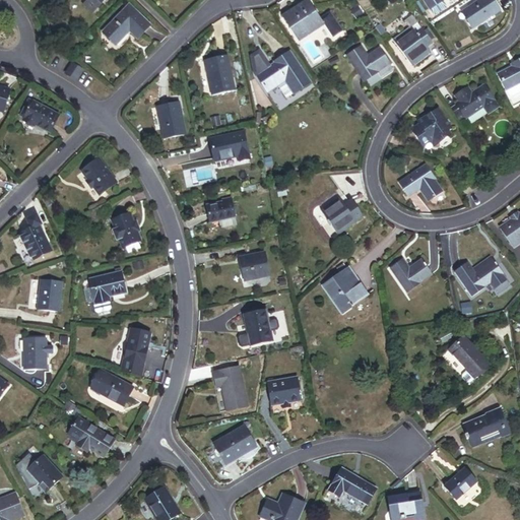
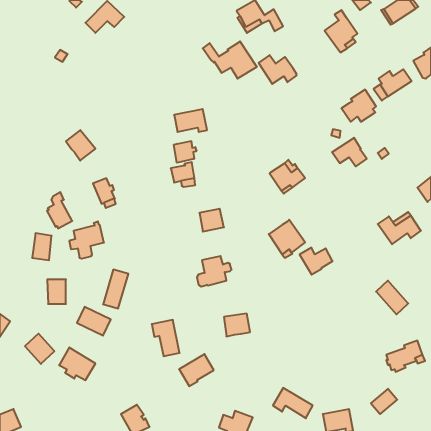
building: [345,46,391,80] -> [259,55,297,84]
building: [205,54,236,94] -> none
building: [21,100,56,130] -> none
building: [155,101,185,136] -> none
building: none -> [174,141,196,163]
building: [19,214,50,258] -> [47,192,72,228]
building: [393,259,433,291] -> [300,248,333,275]
building: [23,338,46,368] -> [47,279,66,304]
building: [212,367,246,410] -> [152,320,180,356]
building: [27,455,63,492] -> [25,334,54,364]

